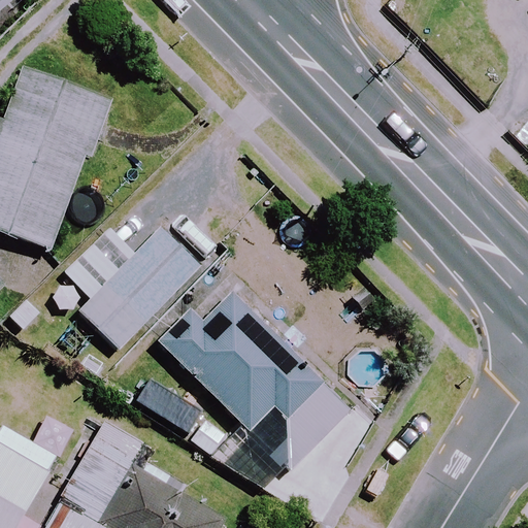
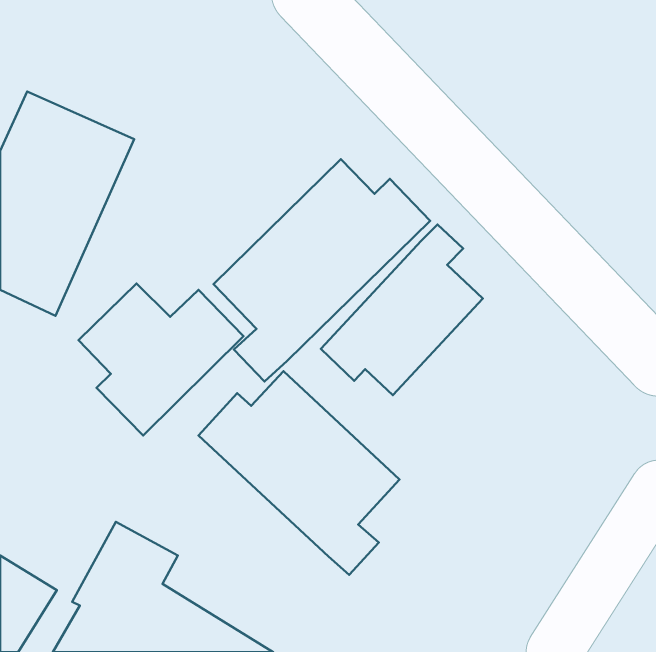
building: none -> [214,159,430,382]
building: none -> [321,224,483,395]

